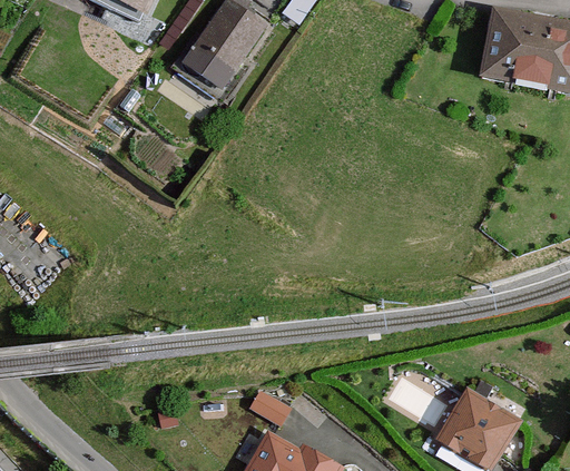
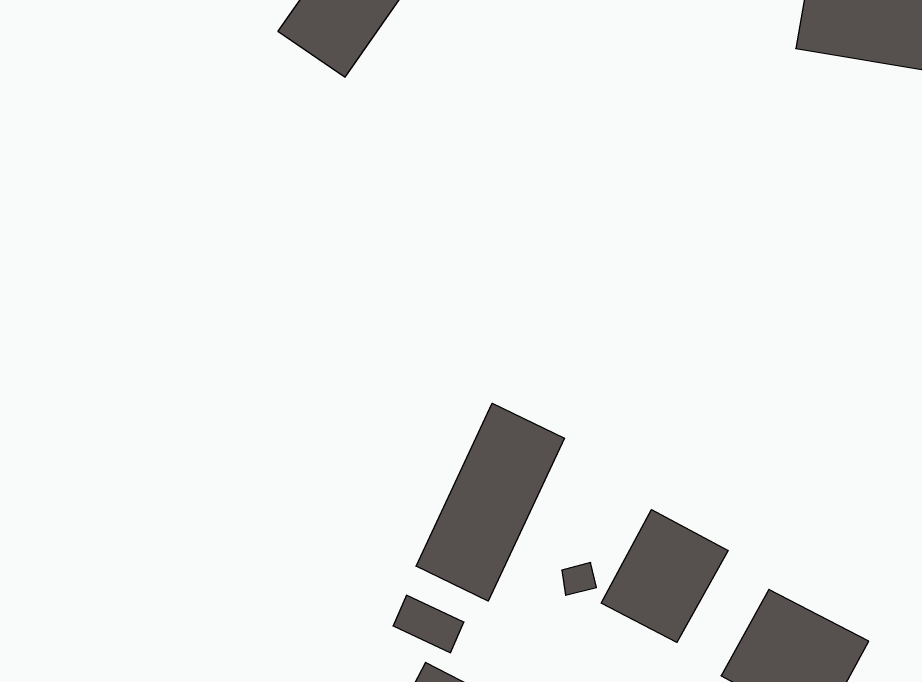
building: none -> [416,403,564,601]
building: none -> [601,510,728,642]

